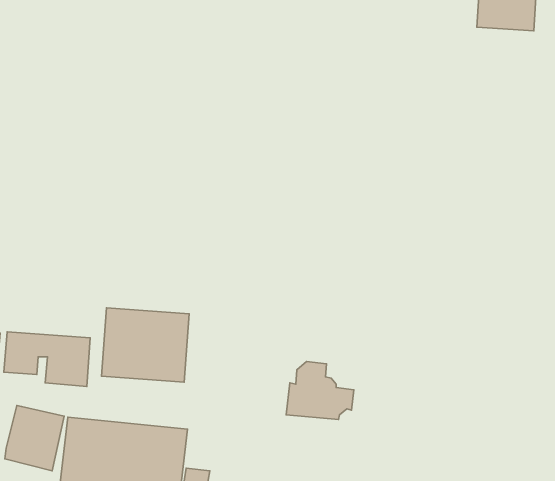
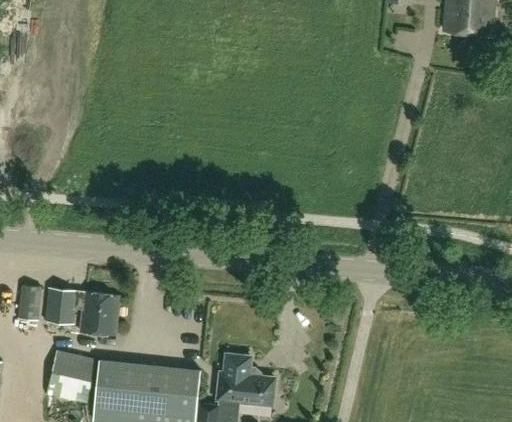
building: [101,308,189,382] -> none
building: [286,362,354,420] -> [217,354,274,403]

